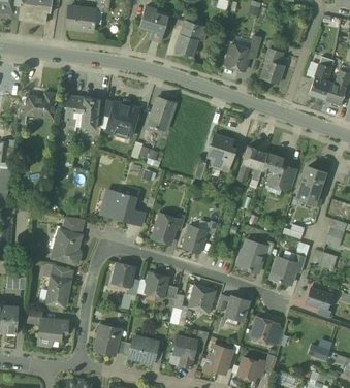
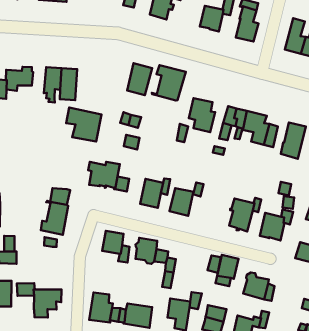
building: [102,99,138,135] -> [66,107,102,142]
building: none -> [152,65,186,101]
building: [47,278,69,306] -> none
building: [188,284,216,314] -> none

